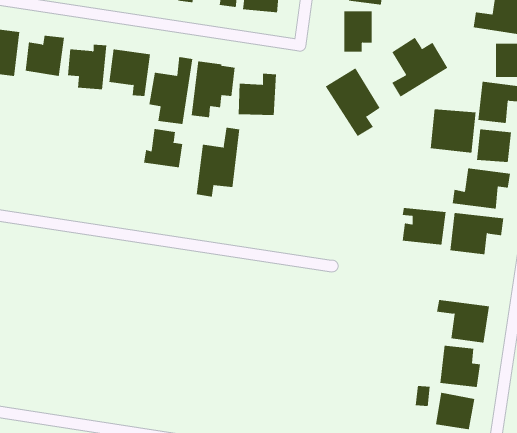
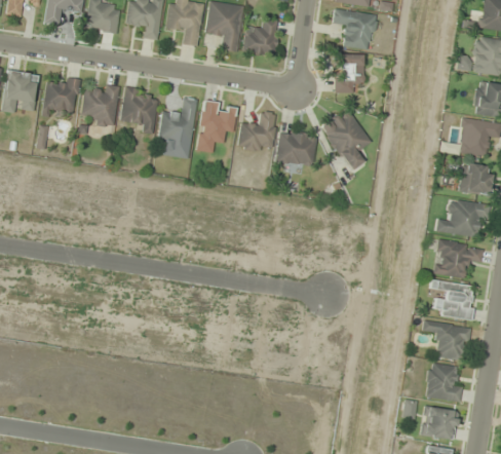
building: [391,37,448,97] -> none
building: none -> [275,131,317,167]
building: [430,109,476,153] -> none
building: [196,127,240,198] -> none
building: [144,128,183,168] -> none
building: [402,207,447,245] -> [434,282,475,317]

